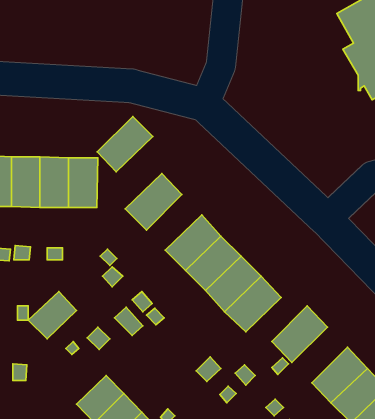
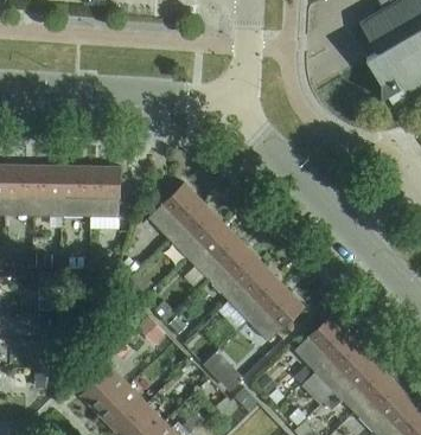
building: [97,116,153,172] -> [168,203,224,258]
building: [28,292,77,339] -> [79,365,128,412]
building: none -> [314,335,370,391]

